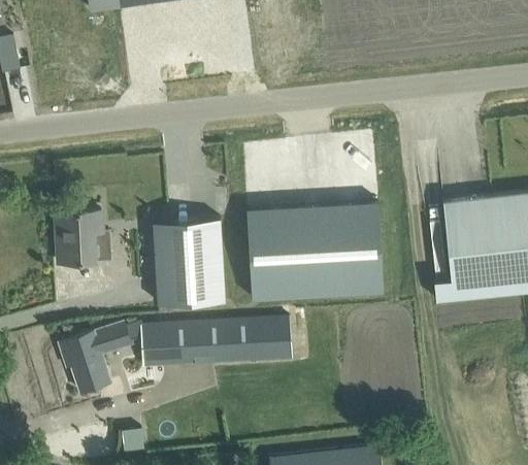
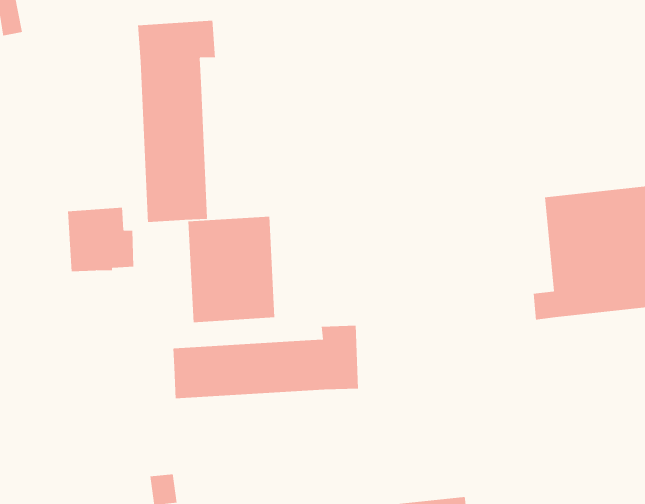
building: none -> [138,20,215,223]
building: [246,202,384,300] -> none
building: [59,322,132,393] -> none

